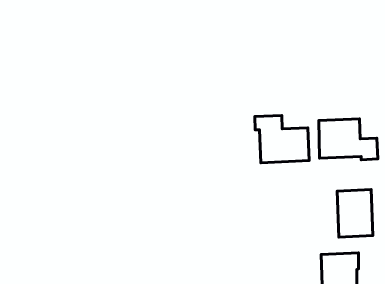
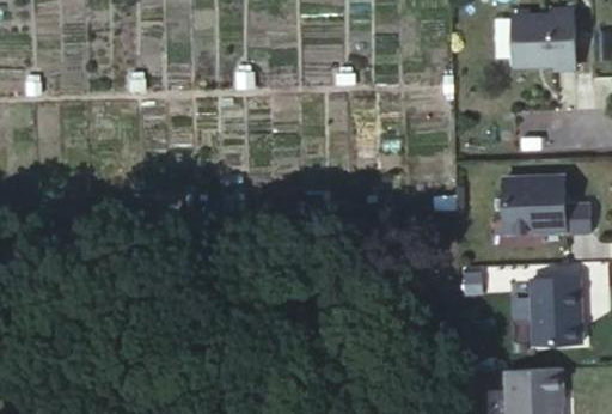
building: none -> [512,10,575,67]
building: [255,116,309,163] -> none

